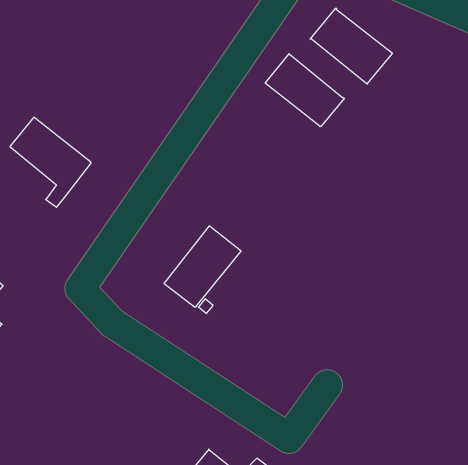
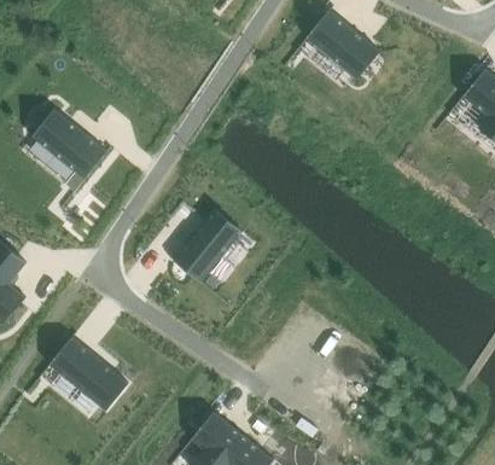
building: [265,54,344,127] -> none
building: none -> [48,337,128,412]

